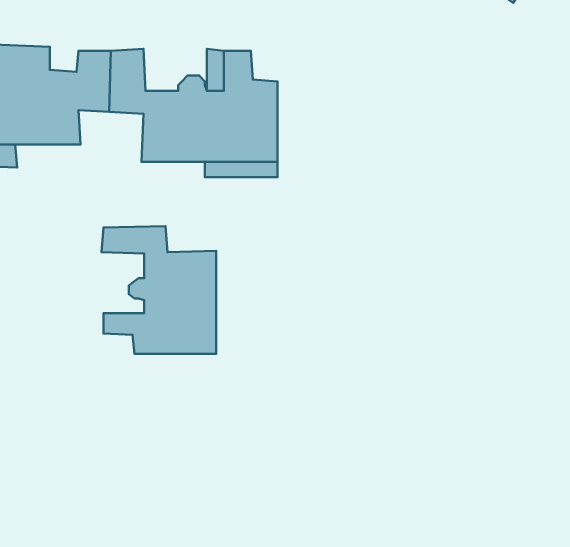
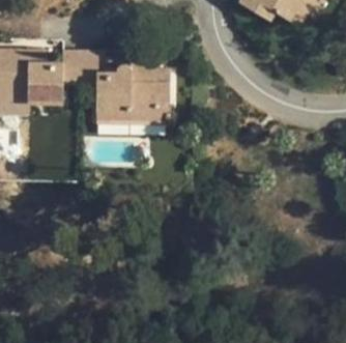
building: [102,226,216,354] -> none

